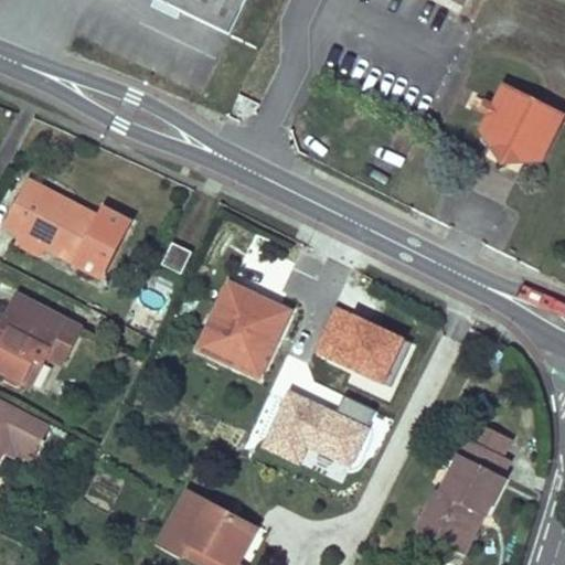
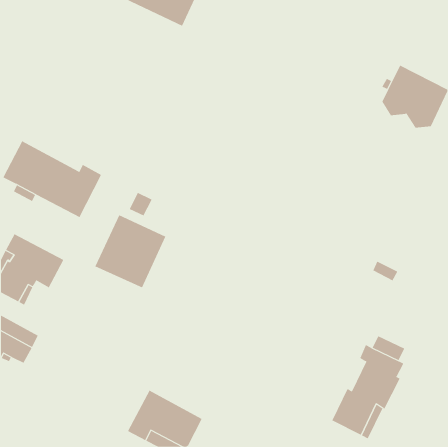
building: [199,281,289,374] -> [94,215,166,288]
building: [311,308,407,390] -> none
building: [258,388,377,486] -> none

